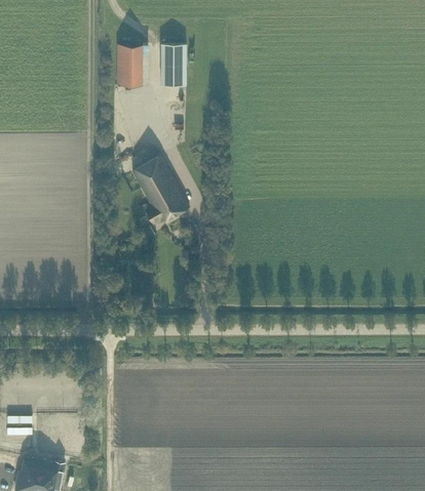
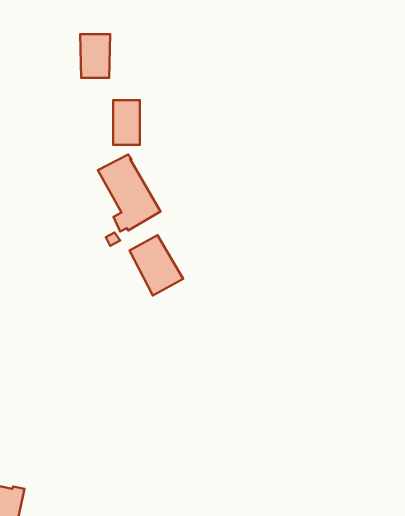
building: [161,45,186,86] -> [113,100,140,145]
building: none -> [129,235,183,295]

